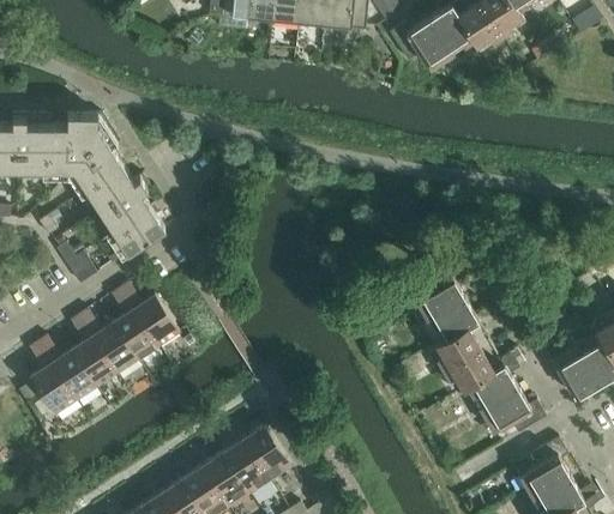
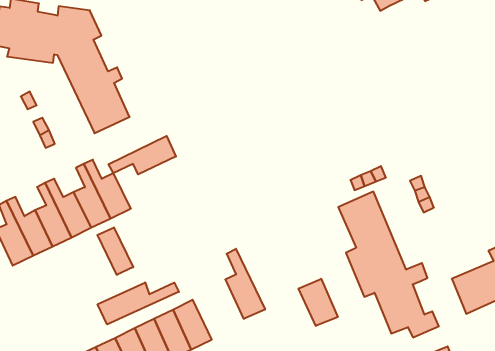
building: none -> [109,136,176,174]
building: none -> [97,227,133,275]
building: none -> [225,249,265,319]
building: none -> [299,279,338,326]
building: none -> [98,282,179,324]

